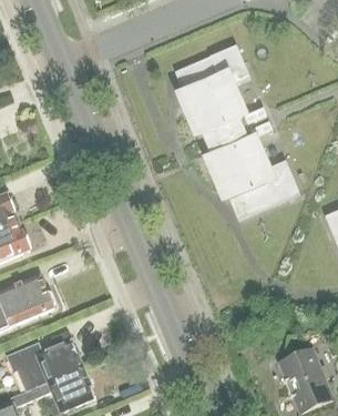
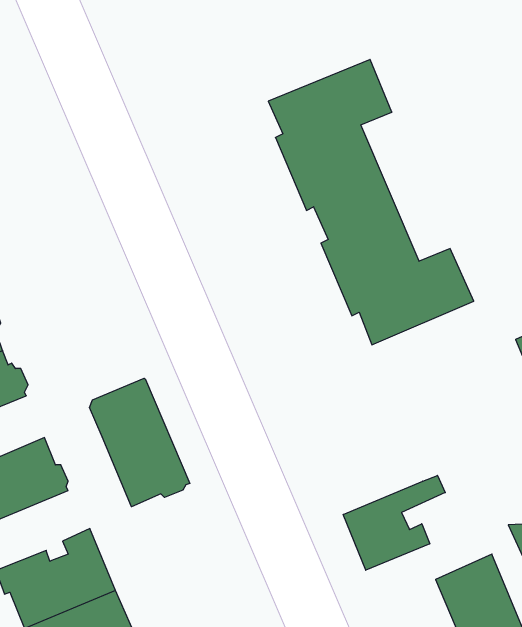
building: none -> [90,378,190,507]
building: none -> [343,475,445,570]

